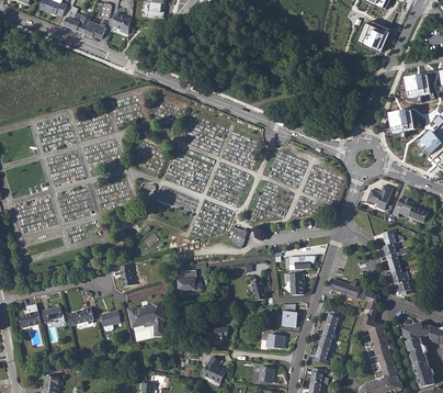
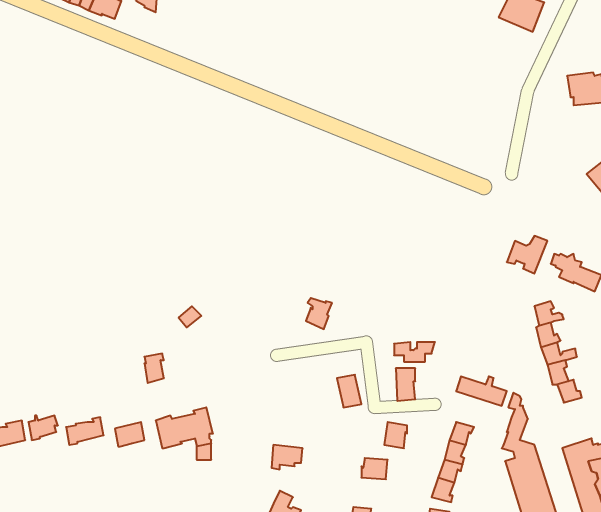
building: [389,111,414,133] -> none
building: [178,270,202,294] -> none

